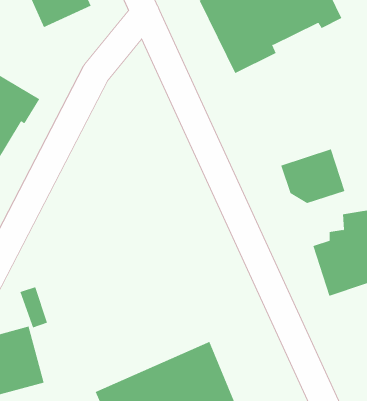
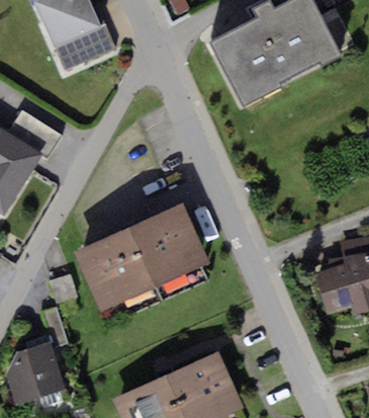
building: [280,148,345,204] -> none
building: none -> [76,206,208,311]

